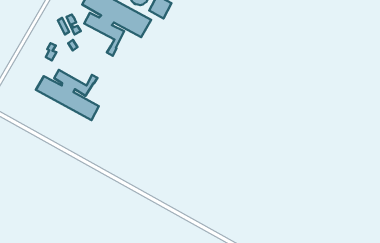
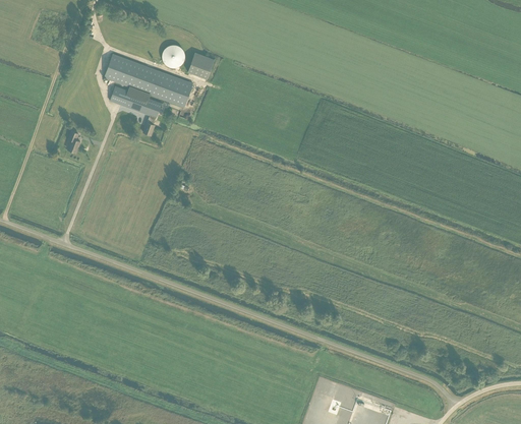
building: [36,70,99,120] -> none

